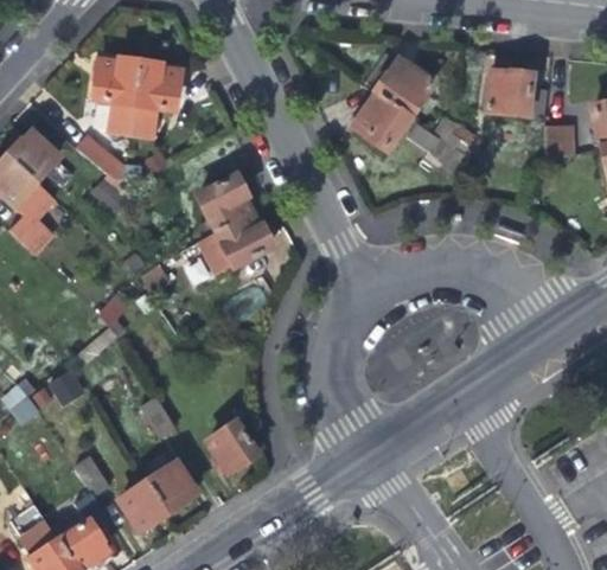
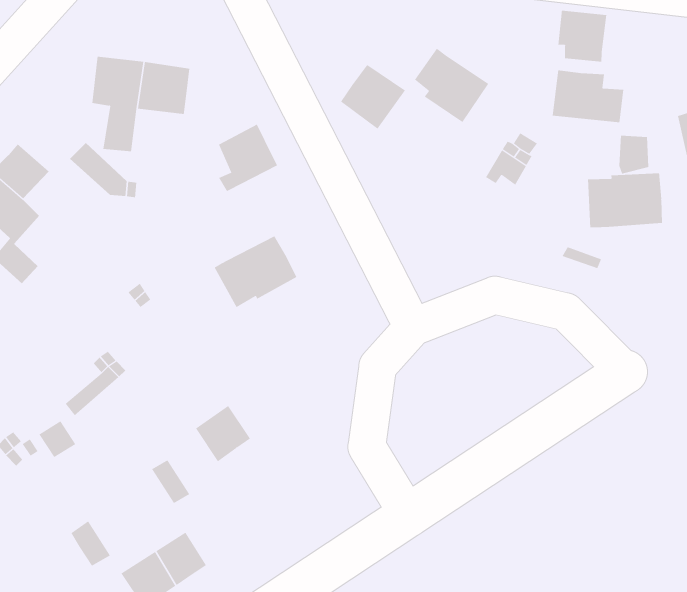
building: none -> [558,10,607,63]
building: [354,92,410,148] -> [340,64,406,129]
building: none -> [587,173,663,228]
building: [199,175,250,233] -> [218,124,278,192]
building: [207,421,255,469] -> [195,405,251,462]

